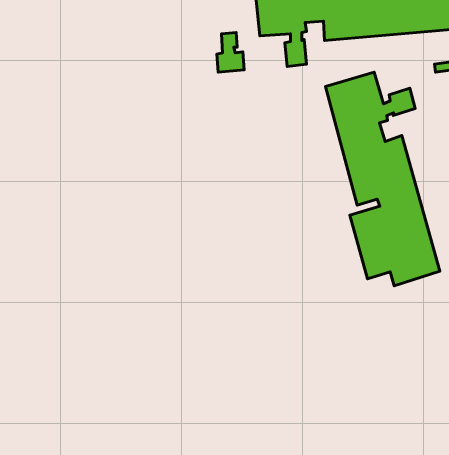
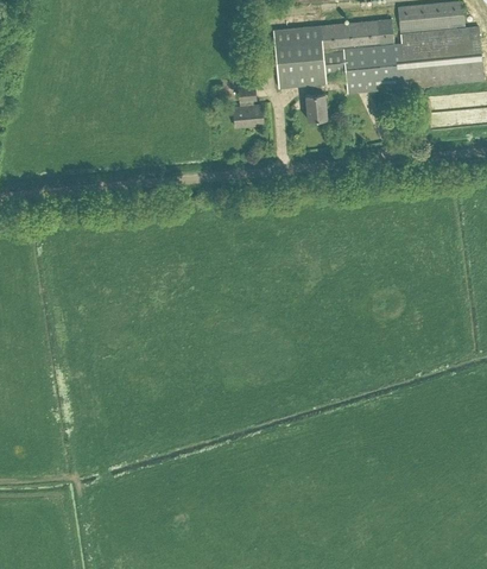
building: [325,72,440,286] -> none

